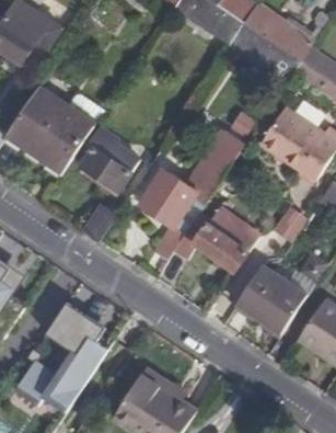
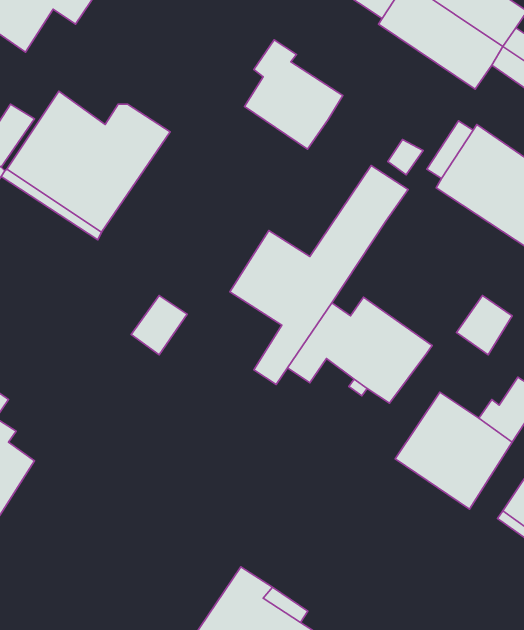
building: [81,126,139,191] -> [244,40,343,149]
building: [19,307,107,398] -> none

